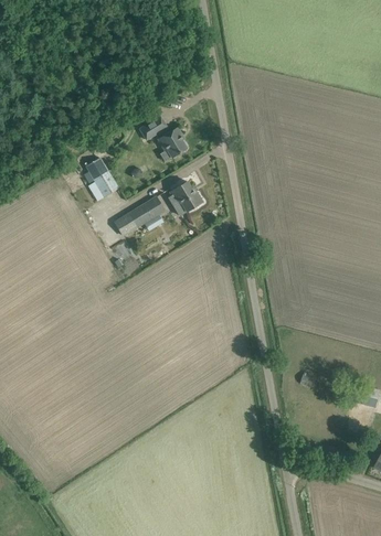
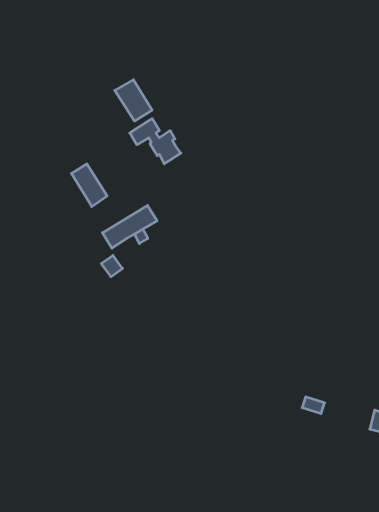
building: none -> [115,80,152,121]
building: [167,181,202,216] -> none

